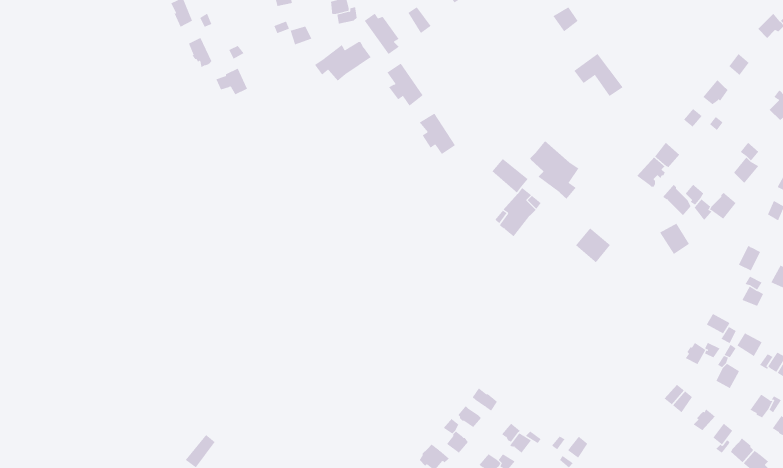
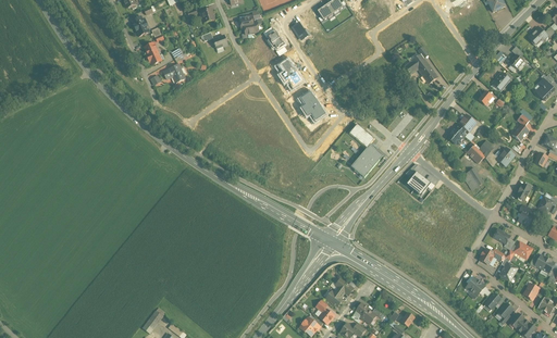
building: [314,41,371,82] -> none
building: [530,140,579,200] -> none

